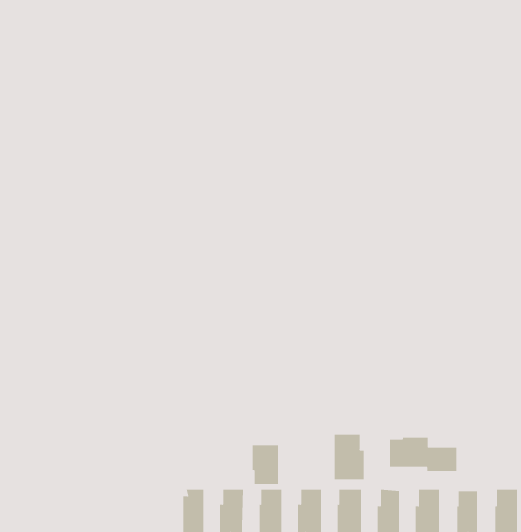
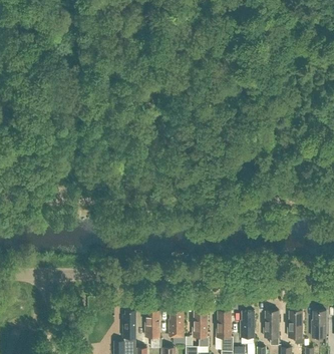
building: [334,434,364,480] -> none
building: [390,437,457,472] -> none
building: [252,444,278,485] -> none

